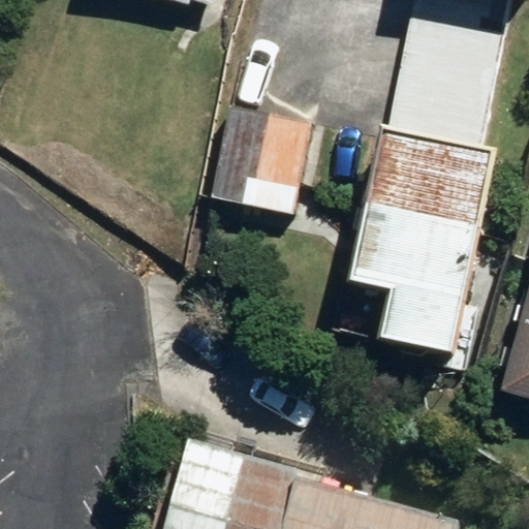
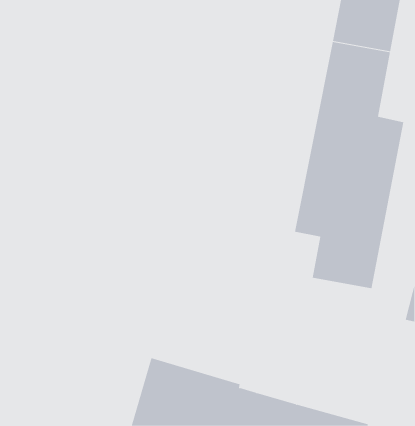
building: [207,108,303,217] -> none

